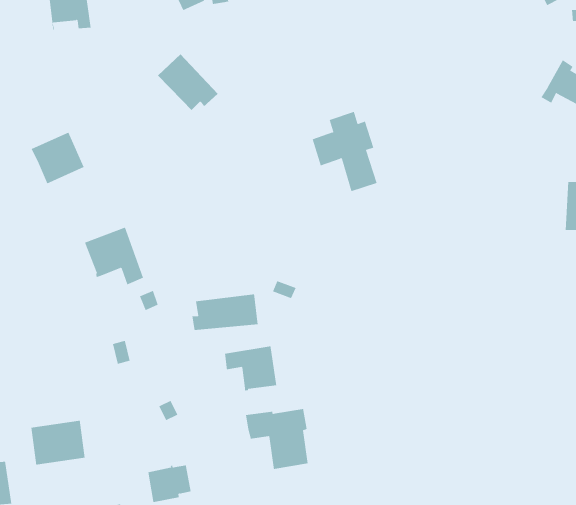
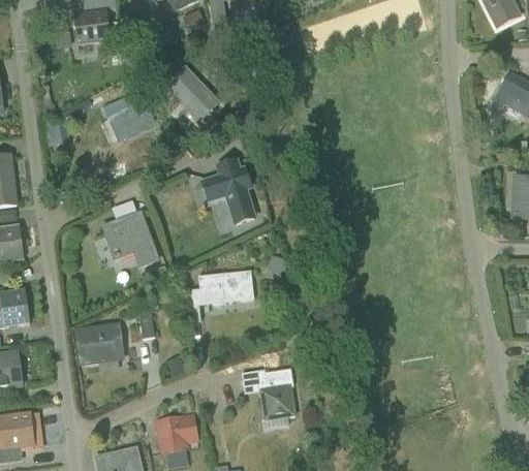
building: [312,111,378,192] -> [200,157,256,225]
building: [31,132,85,184] -> [108,92,154,136]
building: [225,345,277,392] -> none
building: [30,420,85,465] -> [76,324,123,363]

